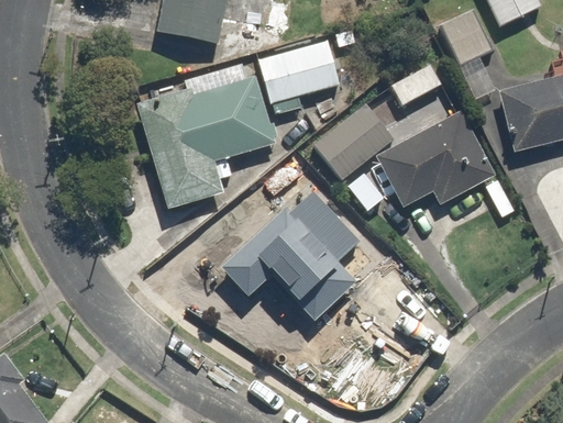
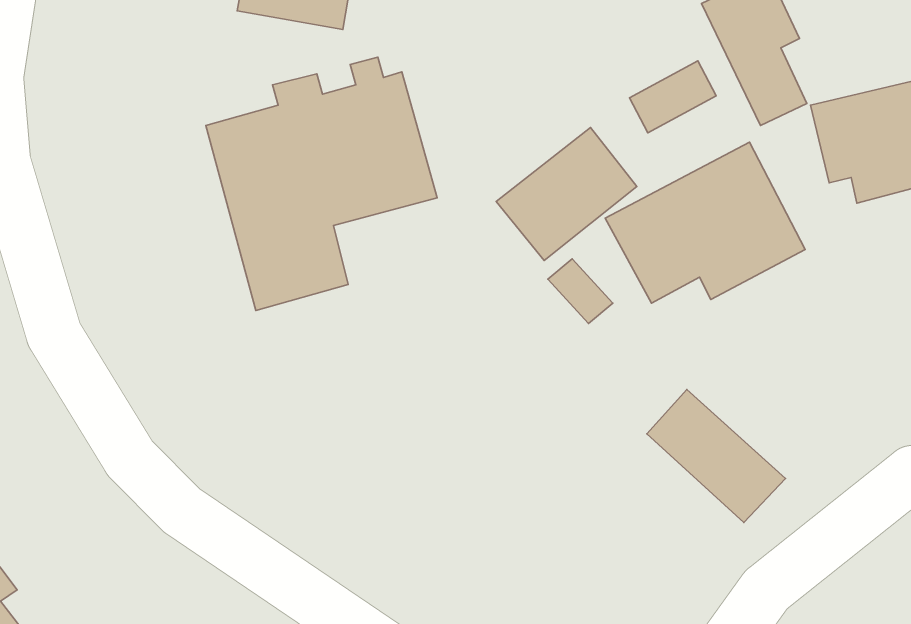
building: [254,40,340,114] -> none
building: [222,167,388,324] -> none
building: none -> [647,389,785,522]

